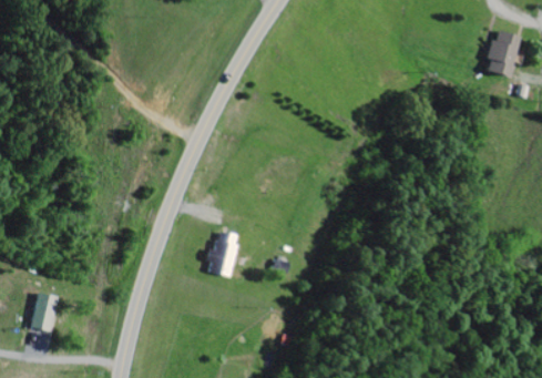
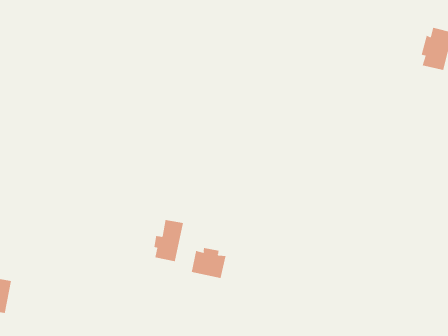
building: none -> [191,247,226,279]

